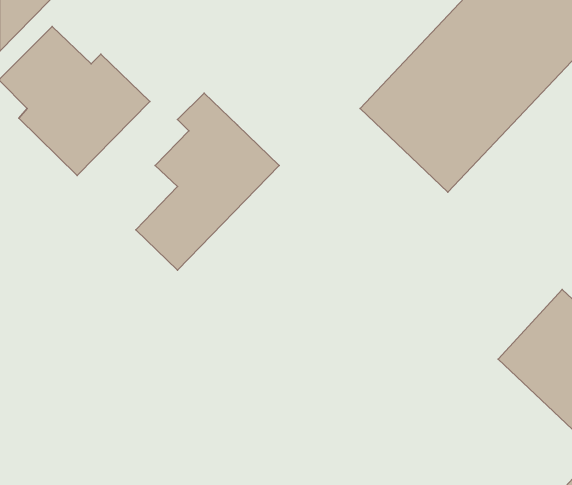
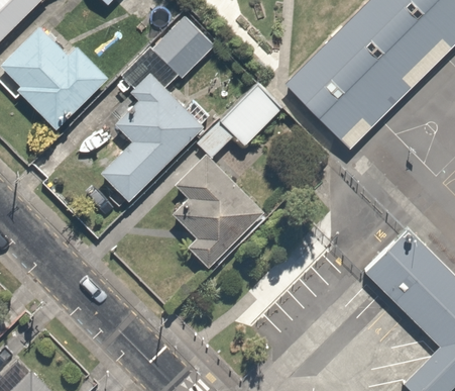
building: none -> [149,16,213,81]
building: none -> [200,88,281,156]
building: none -> [173,159,259,268]

